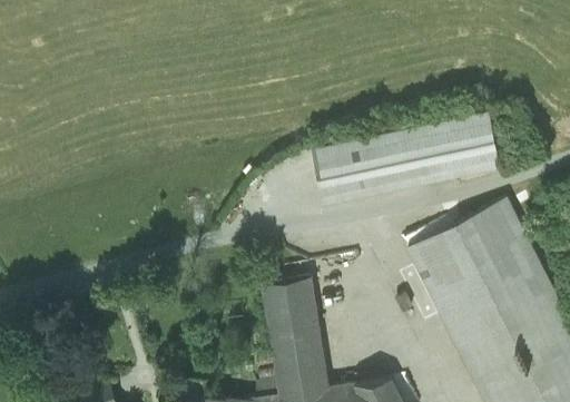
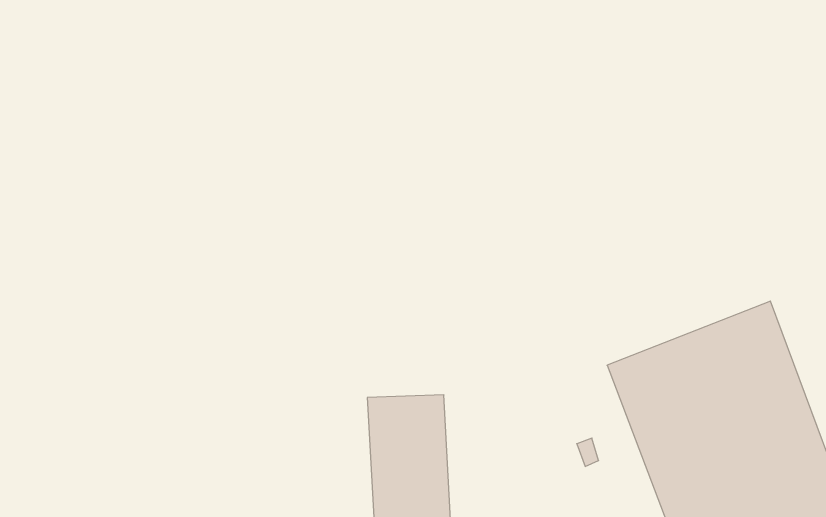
building: [313,112,499,204] -> none

